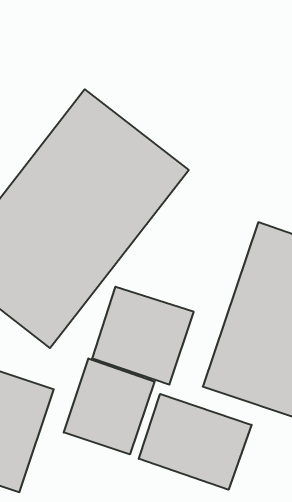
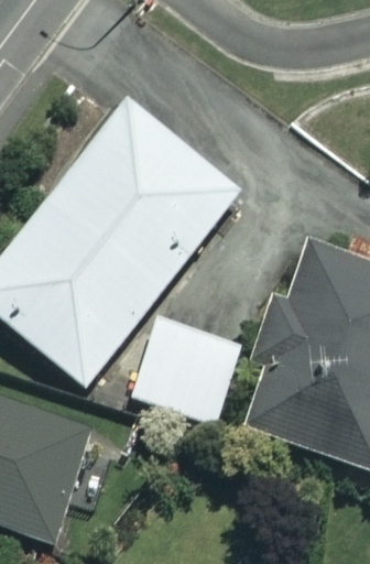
building: [64,358,155,454] -> none
building: [139,394,252,490] -> none

